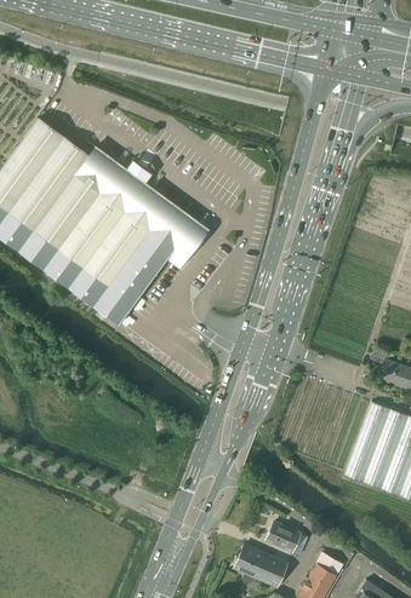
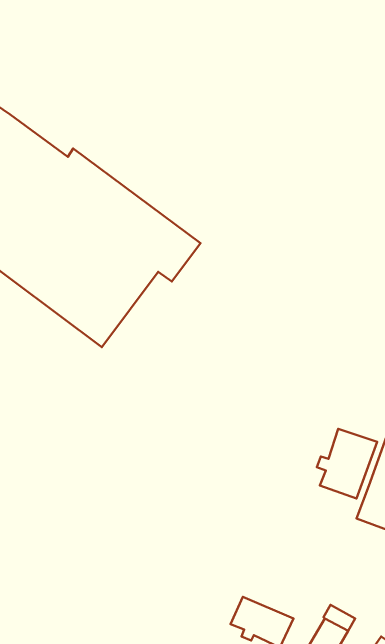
building: none -> [317,429,377,498]
building: [266,523,299,553] -> none

